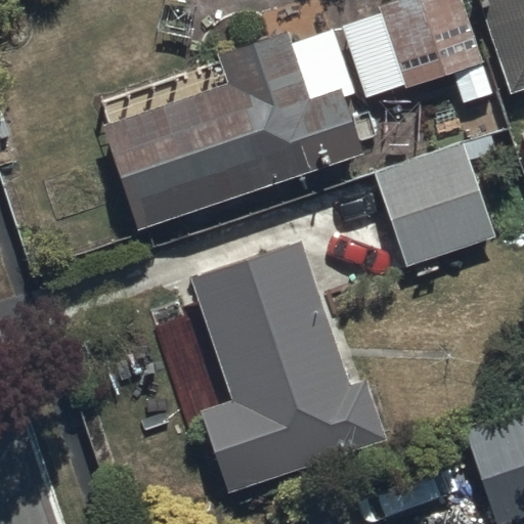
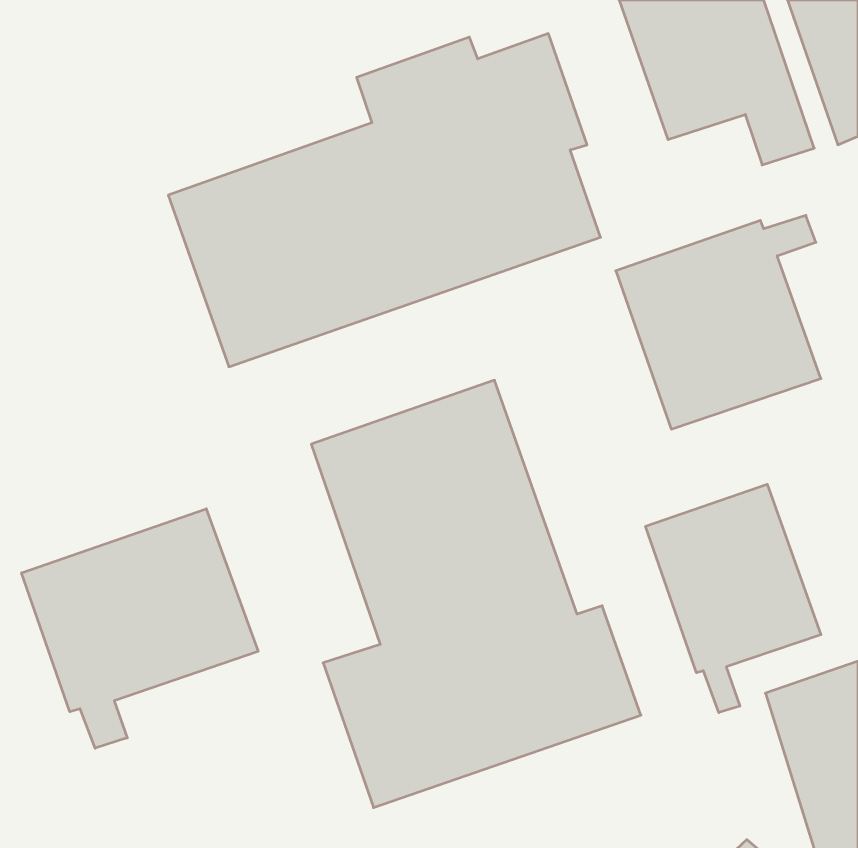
building: none -> [646,484,821,713]
building: none -> [22,509,258,748]

